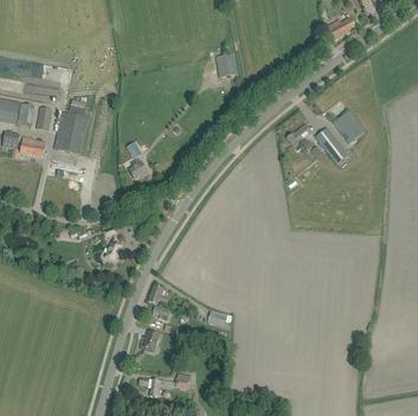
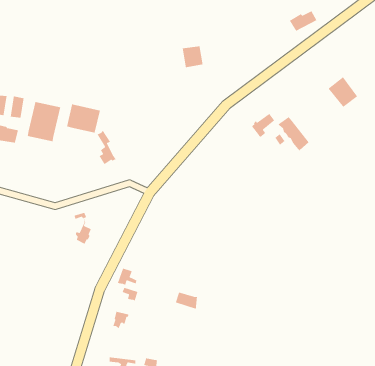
building: [333,109,365,142] -> [327,76,358,108]
building: none -> [66,103,101,134]

